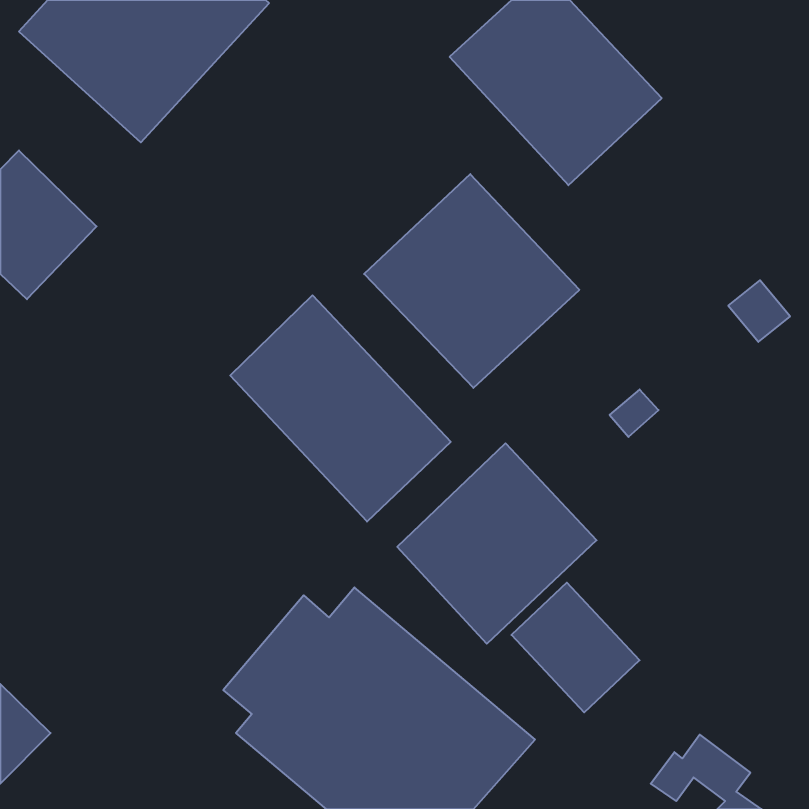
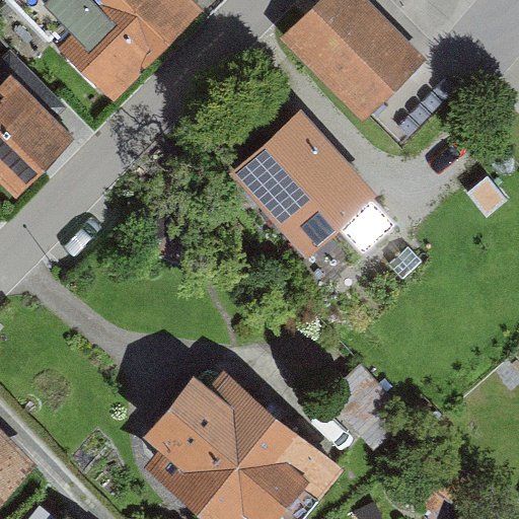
building: [230,295,451,522] -> none
building: [397,443,597,644] -> none

